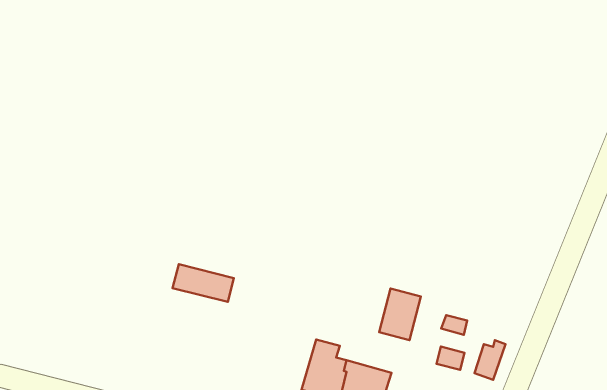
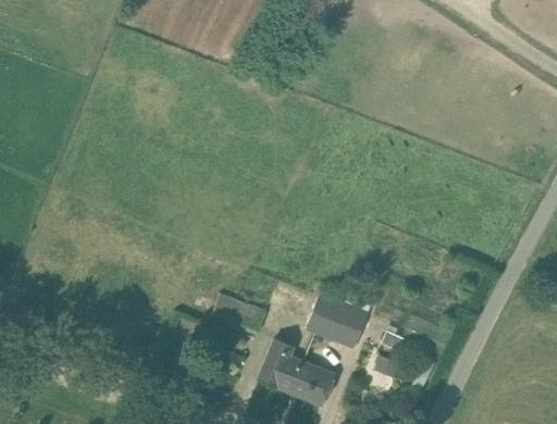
building: [173,264,234,302] -> [212,292,265,329]
building: none -> [305,292,343,338]

